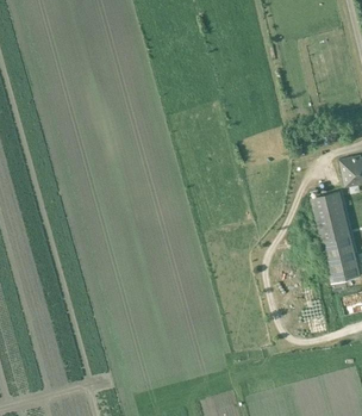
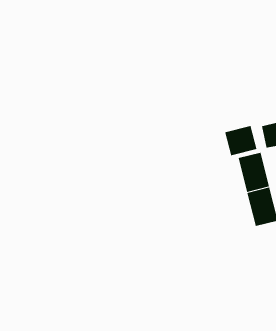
building: none -> [225,125,257,156]

